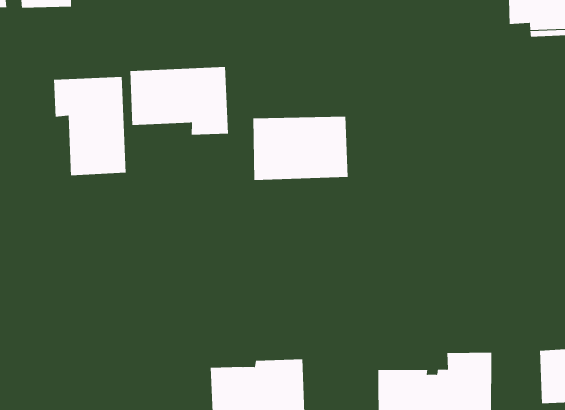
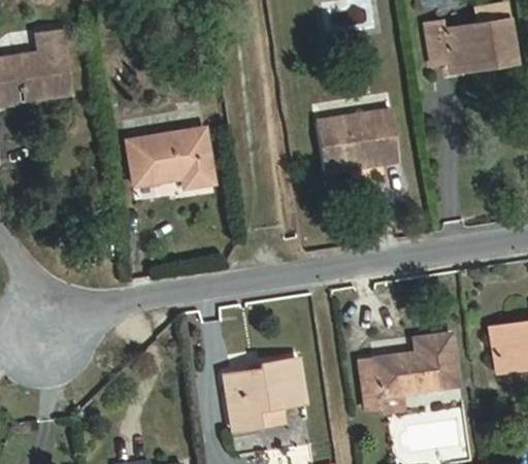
building: [53,76,126,176] -> none
building: [252,116,349,180] -> [315,109,399,171]

